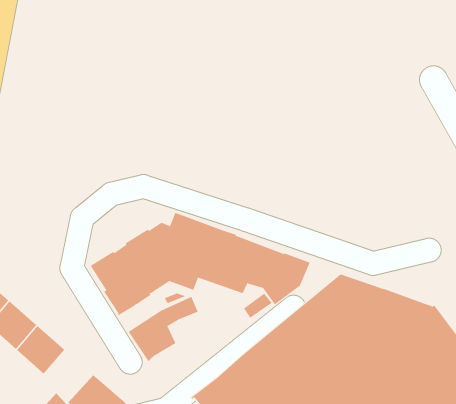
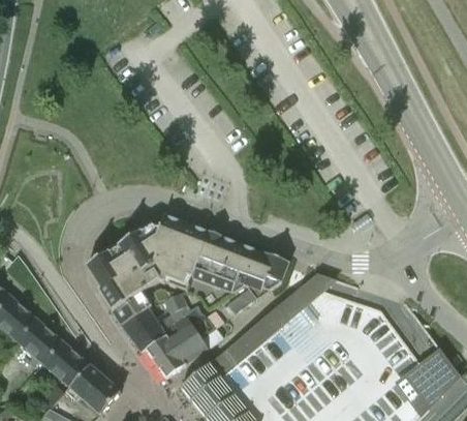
building: none -> [113,293,152,327]
building: none -> [146,304,216,379]
building: none -> [44,343,90,388]

